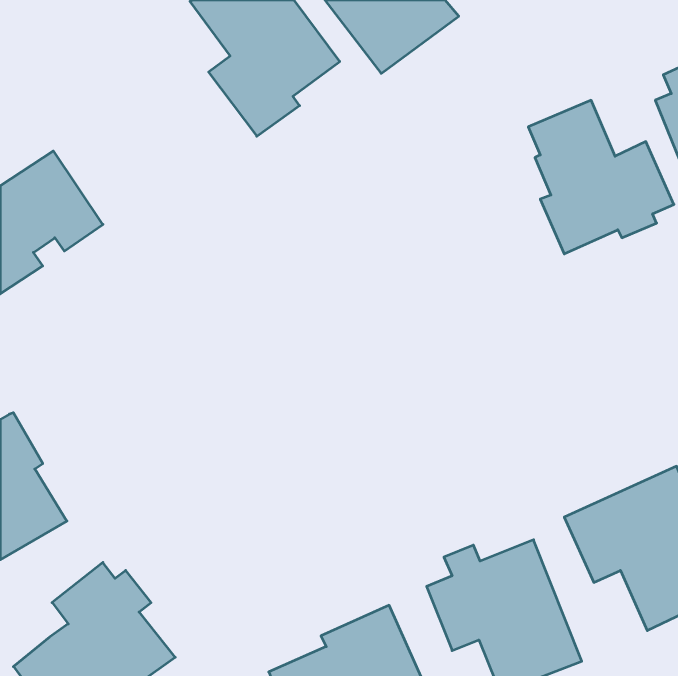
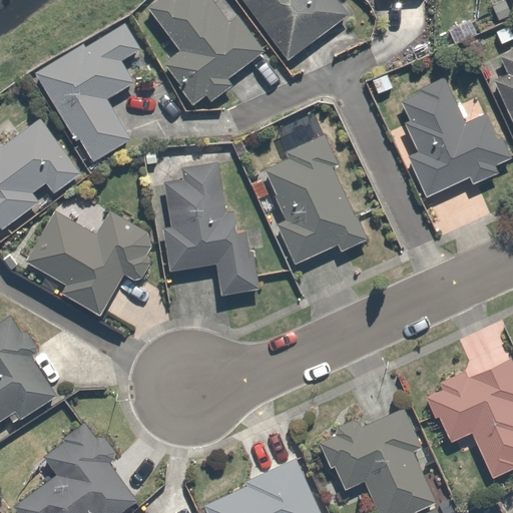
building: none -> [34,24,137,163]
building: none -> [267,137,368,263]
building: none -> [161,165,254,295]
building: none -> [28,210,158,315]

